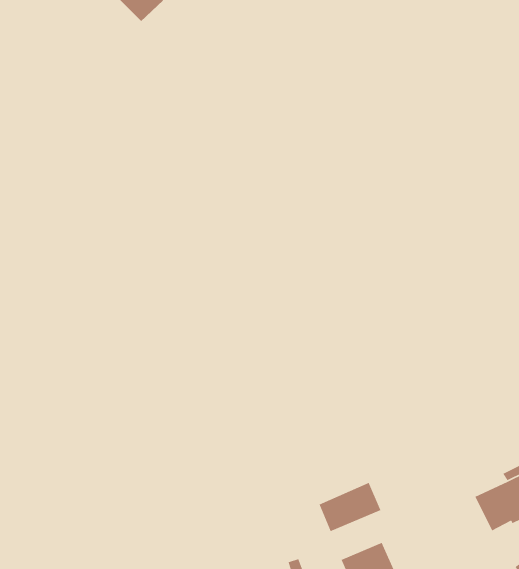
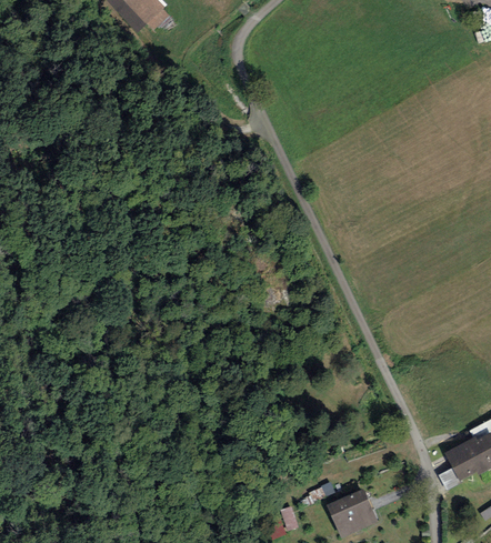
building: [319,482,382,532] -> none

